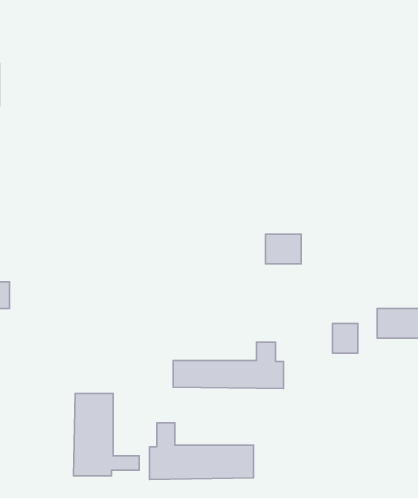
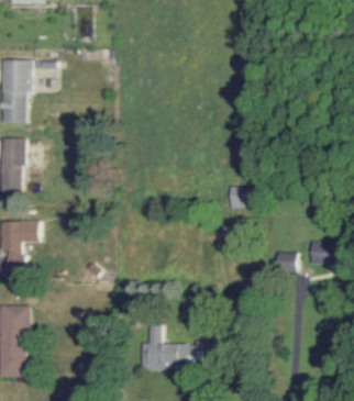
building: [173,342,283,388] -> none
building: [73,394,139,476] -> none

